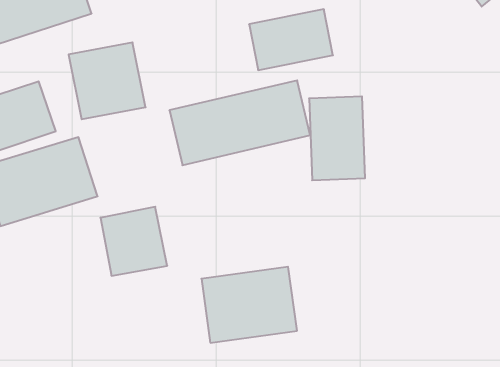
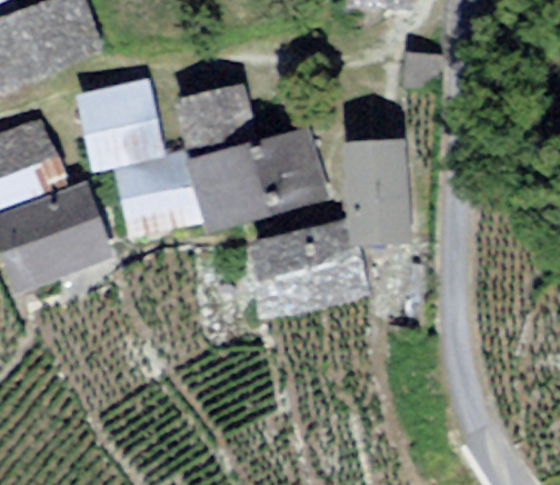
building: [249,9,333,70] -> [181,81,274,149]
building: [100,207,167,276] -> [120,160,194,237]
building: [201,267,297,343] -> [249,231,356,316]

